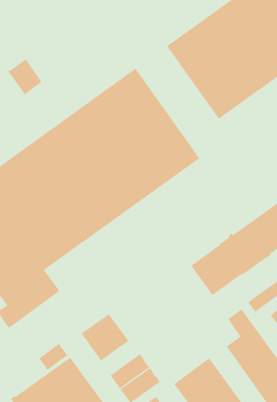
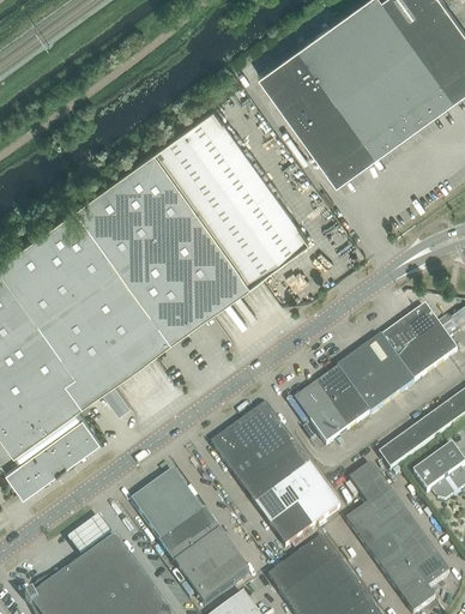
building: [8,59,42,95] -> none
building: none -> [212,407,342,548]
building: none -> [159,511,221,565]

